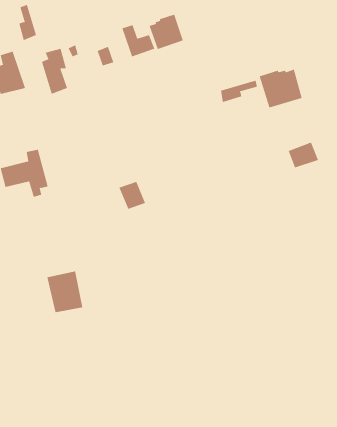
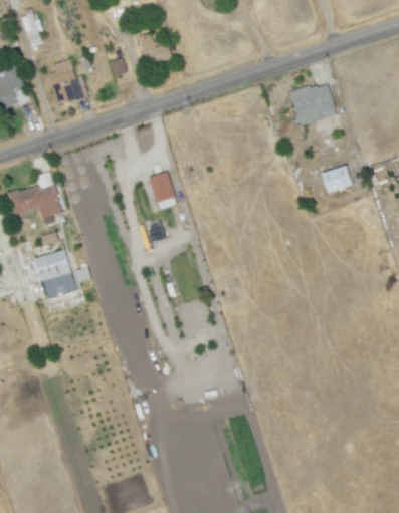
building: [149,14,183,50] -> none
building: [220,80,258,103] -> none
building: [119,181,146,210] -> [147,171,177,202]
building: [47,271,83,313] -> [29,250,69,296]

